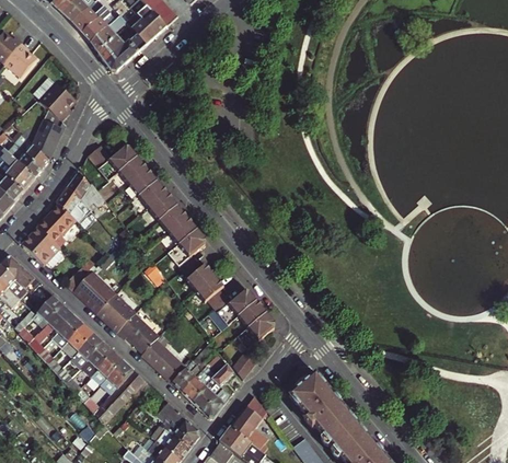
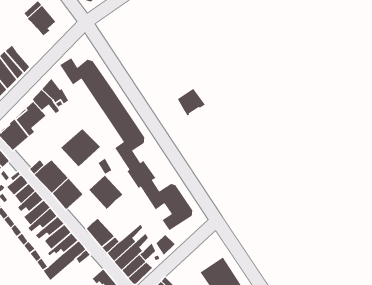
building: [32,112,66,160] -> none
building: none -> [177,88,206,117]
building: none -> [60,128,101,167]
building: [114,313,158,357] -> [88,175,123,210]

